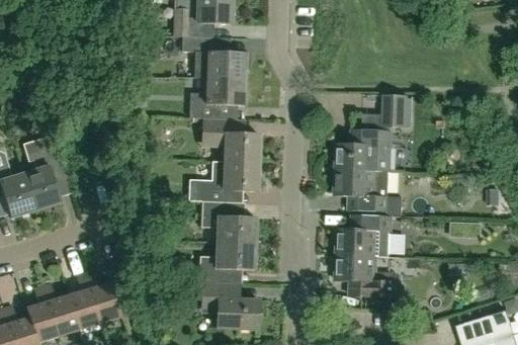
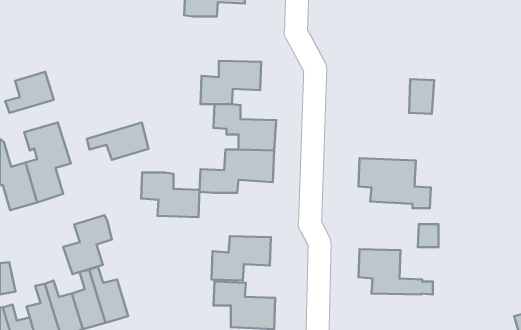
building: [180,36,250,79] -> none
building: none -> [5,72,54,113]
building: [337,130,392,171] -> none
building: none -> [87,122,149,160]
building: [200,201,255,243] -> [141,173,200,217]
building: [337,213,391,256] -> none
building: none -> [63,215,112,274]

